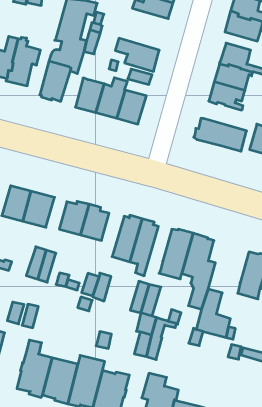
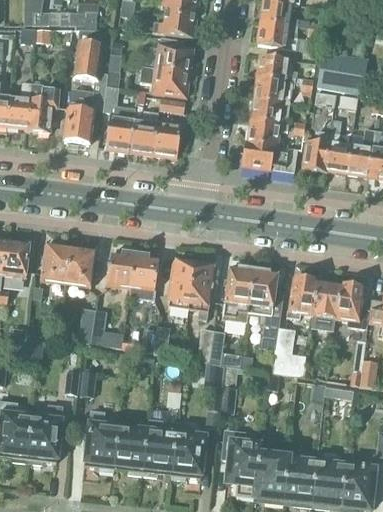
building: none -> [156,37,192,73]
building: none -> [247,121,287,145]
building: none -> [287,275,317,317]

